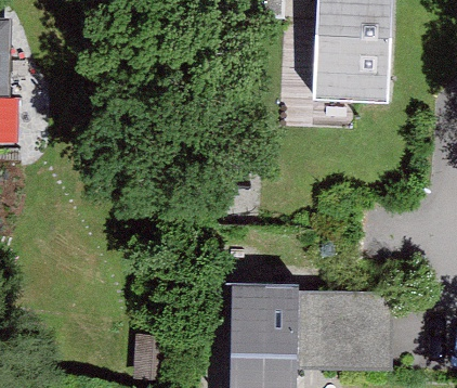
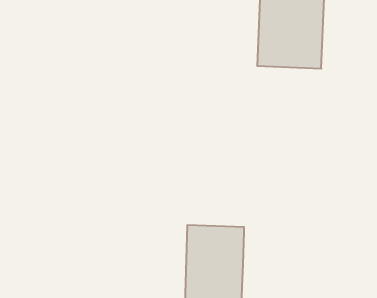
building: [296,293,393,358] -> none

